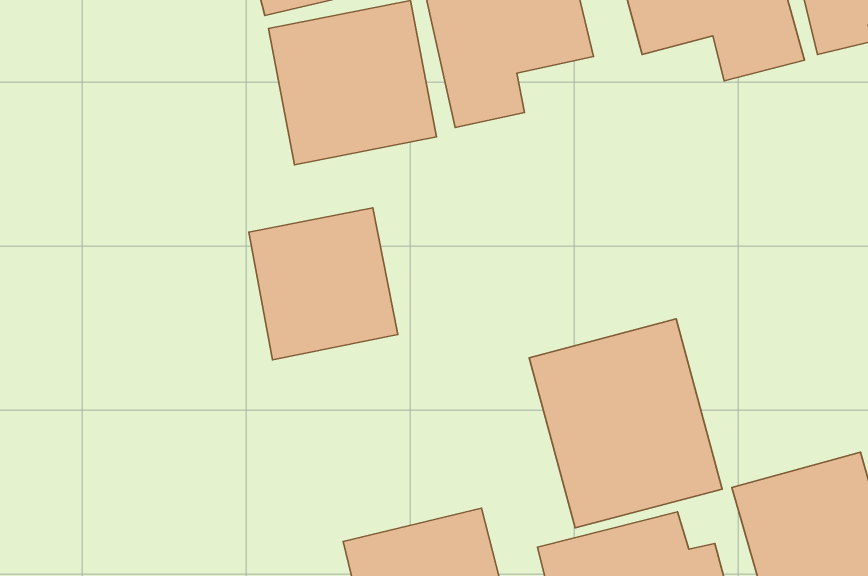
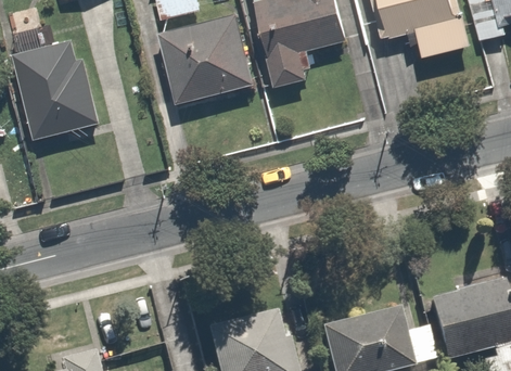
building: none -> [12,31,106,137]
building: [249,208,398,360] -> none
building: [529,319,722,528] -> none

